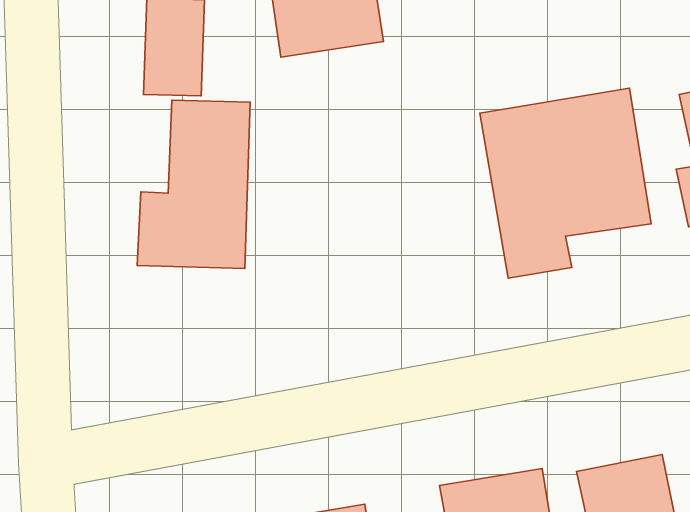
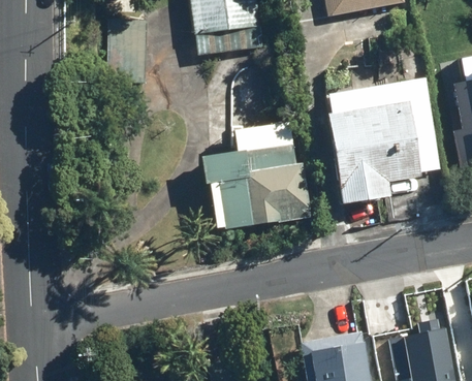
building: [137,100,250,269] -> none
building: none -> [210,141,305,230]

